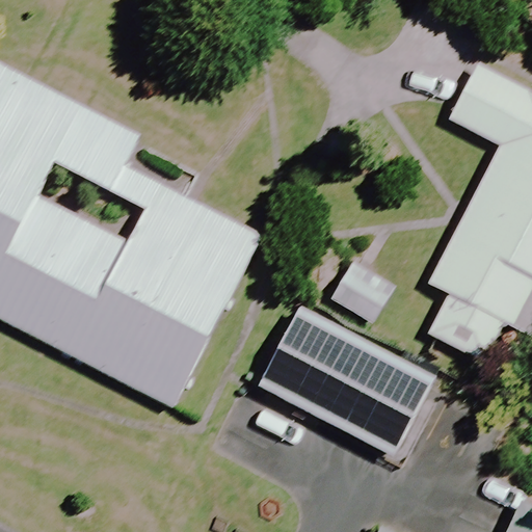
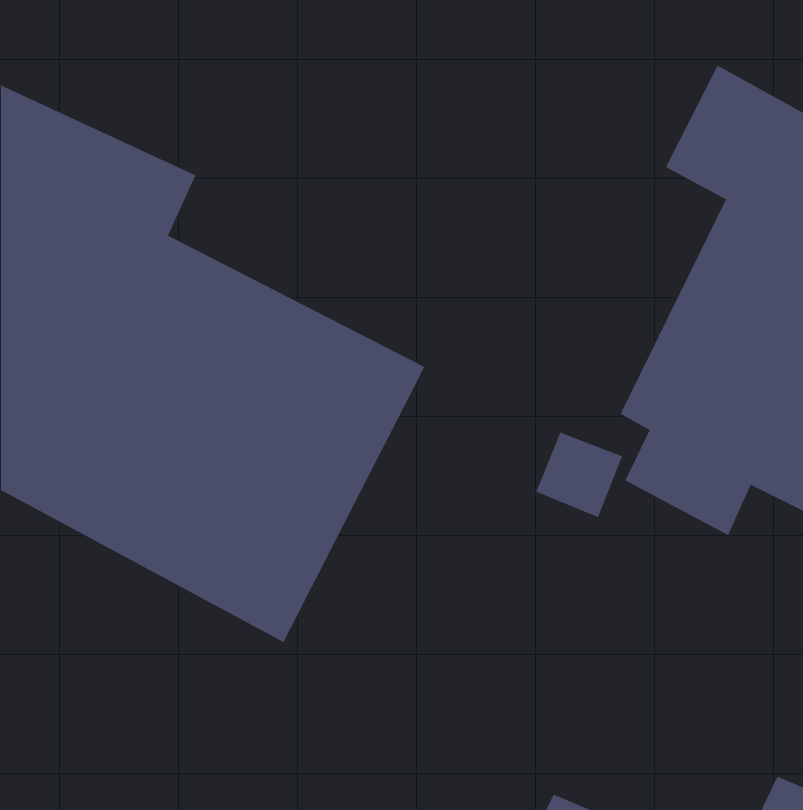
building: [244,311,429,467] -> none

